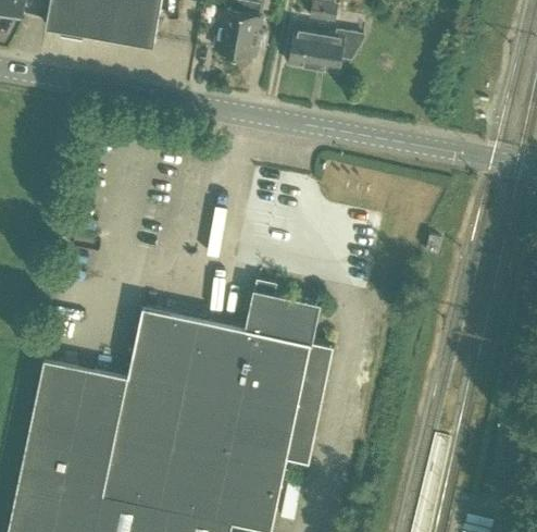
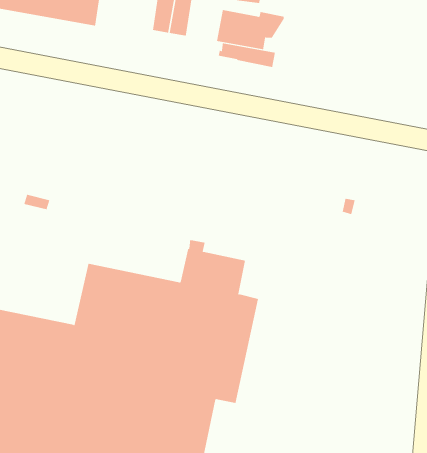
building: none -> [218,43,276,68]

